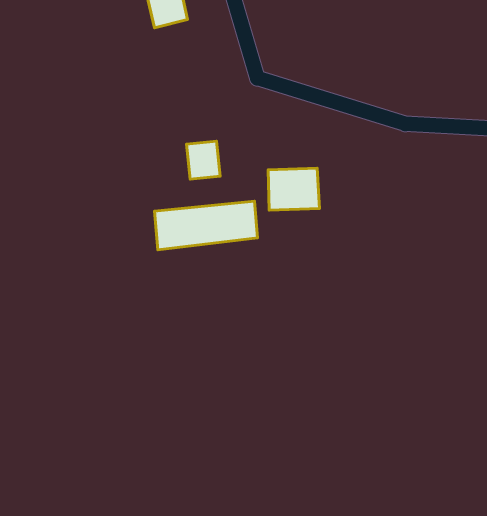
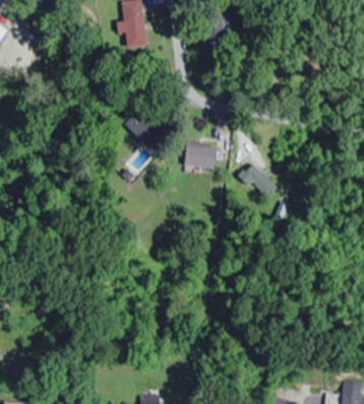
building: none -> [239,162,279,199]
building: [155,201,257,250] -> none

